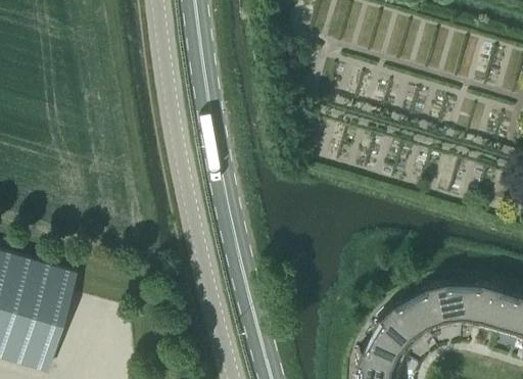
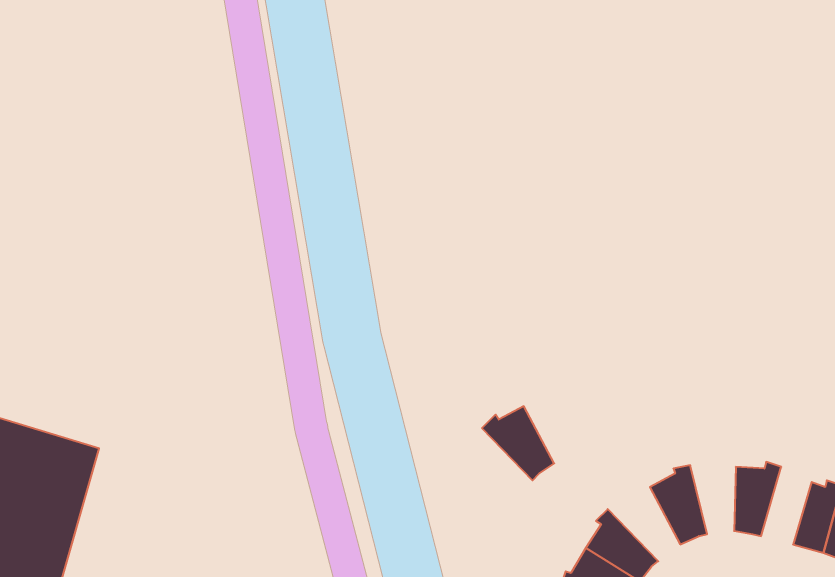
building: [433,281,461,326] -> none
building: [476,285,507,332] -> none
building: [383,297,427,342] -> [482,406,554,480]

